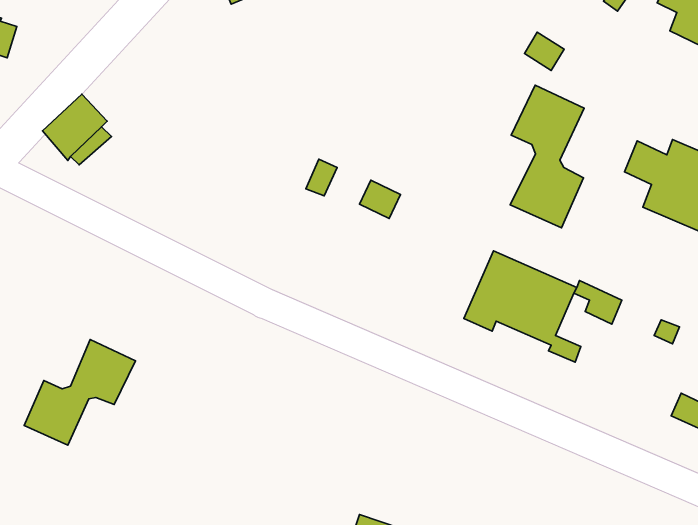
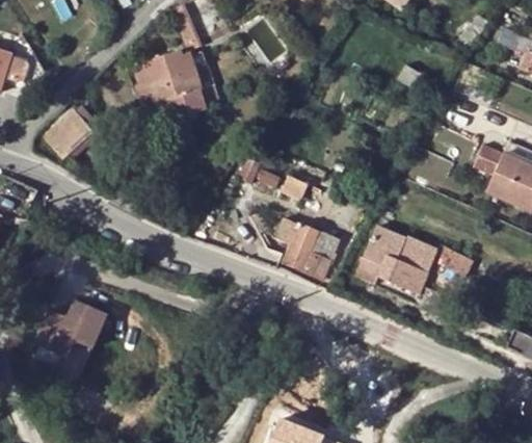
building: none -> [134,48,218,123]
building: [510,85,584,228] -> none
building: none -> [284,223,340,279]

